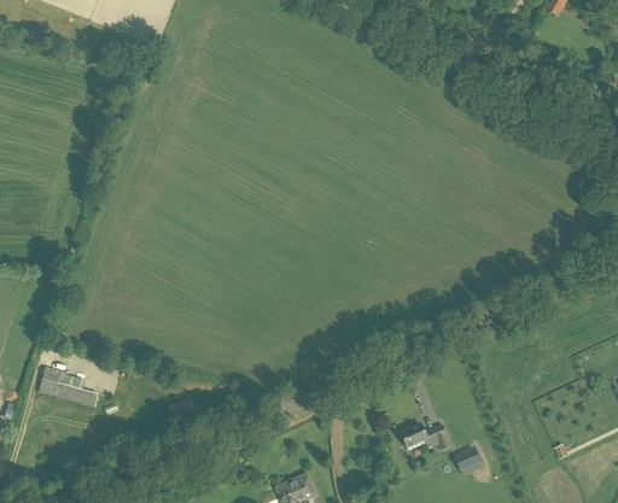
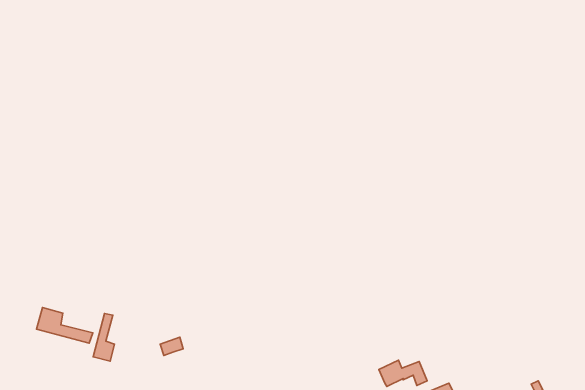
building: none -> [93,314,114,361]

